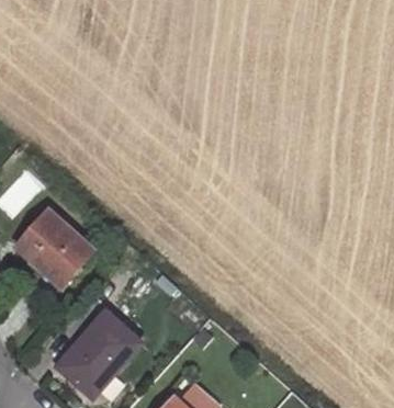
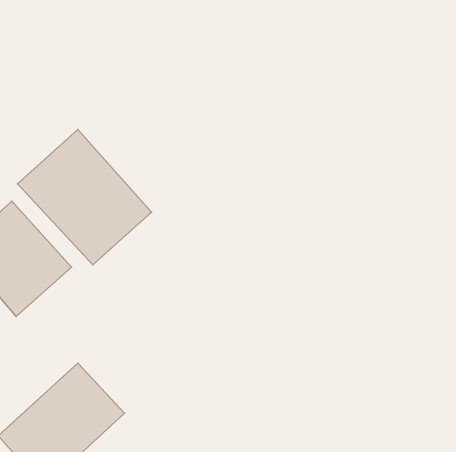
building: none -> [18,130,151,265]

